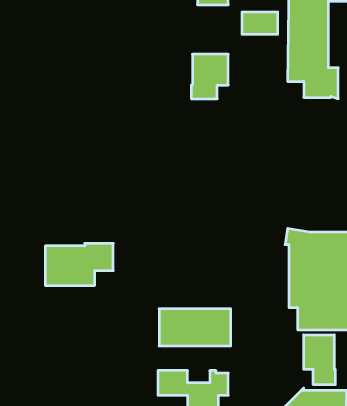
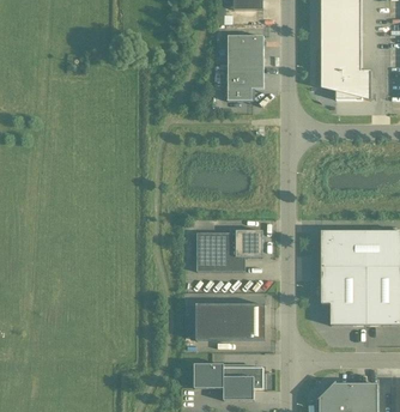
building: [242,12,278,34] -> [228,36,262,57]
building: [45,243,113,285] -> [196,230,262,271]
building: [304,335,335,385] -> none

